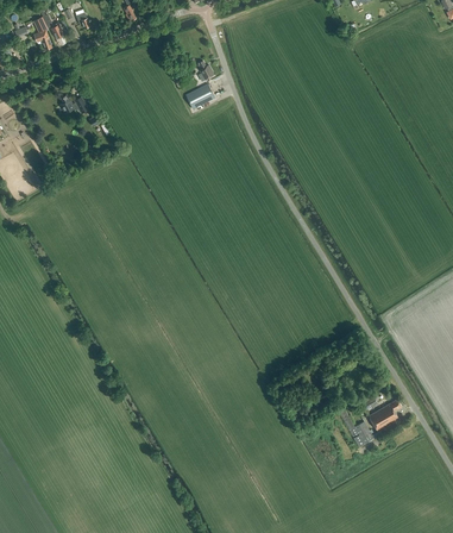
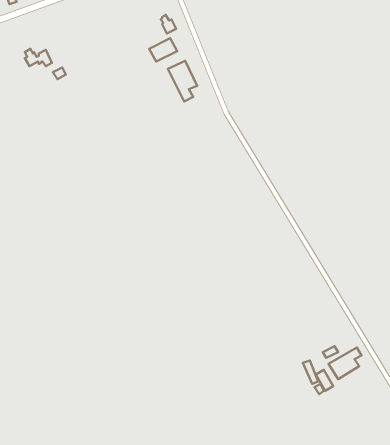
building: none -> [168,61,197,101]

